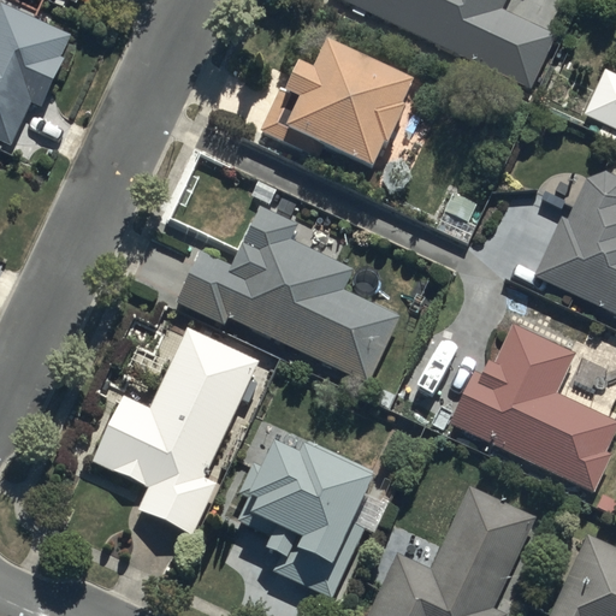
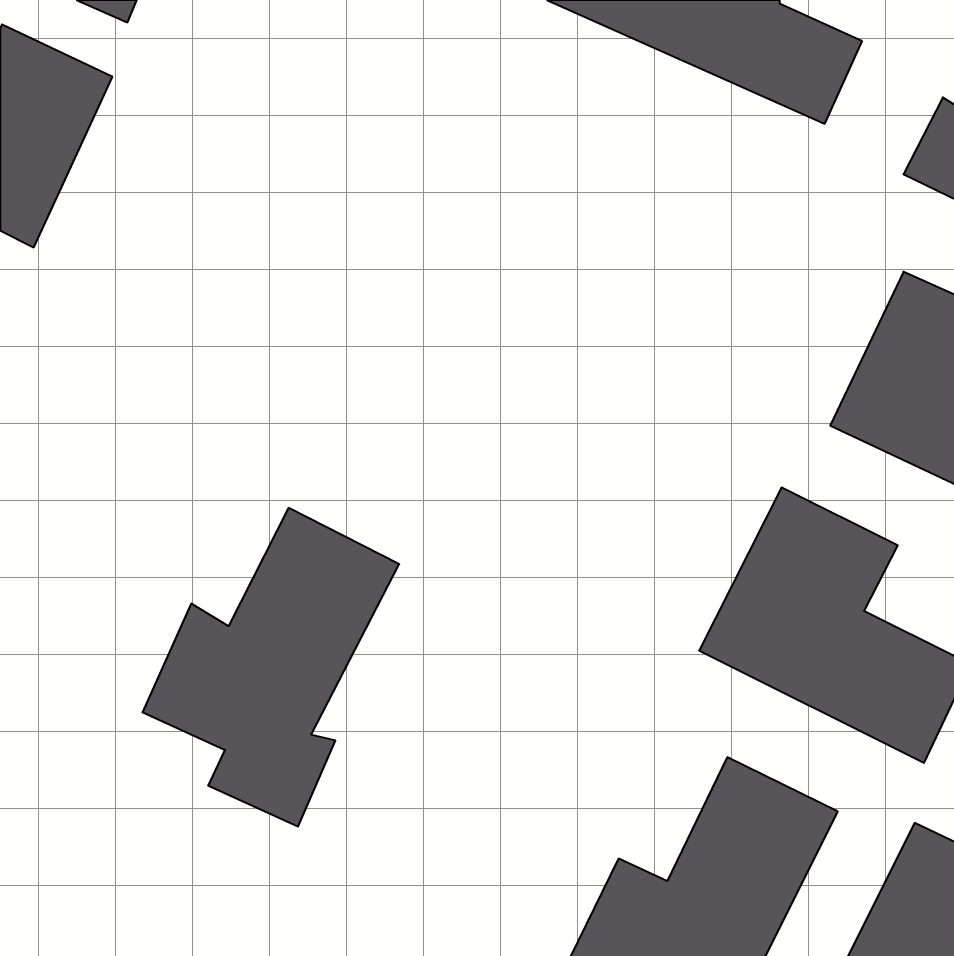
building: [260,36,409,179] -> none
building: [177,203,397,381] -> none
building: [237,428,384,599] -> none

